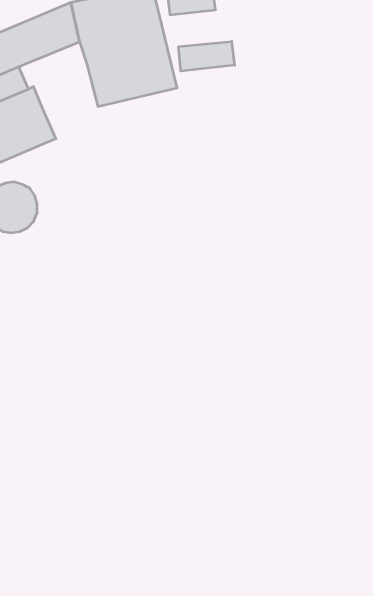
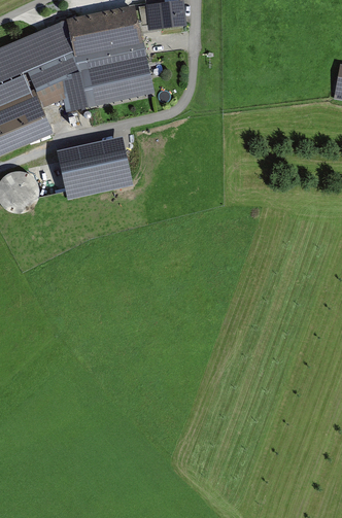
building: [179,41,235,71] -> none
building: none -> [28,53,89,111]
building: none -> [57,137,133,199]

